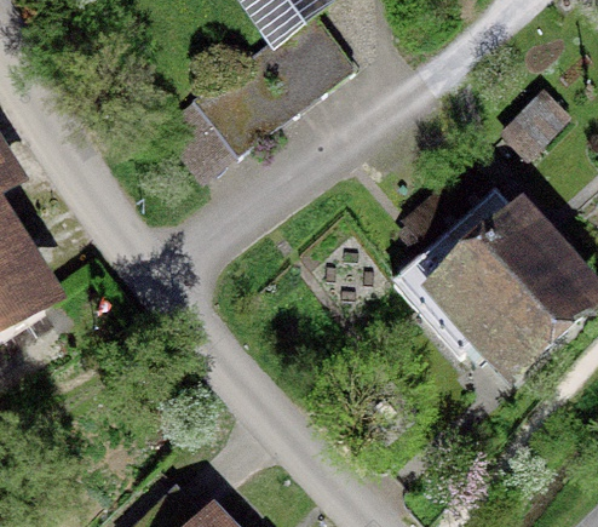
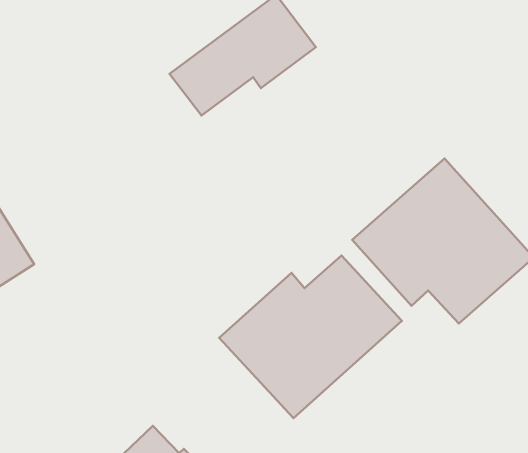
building: none -> [219,256,402,418]

